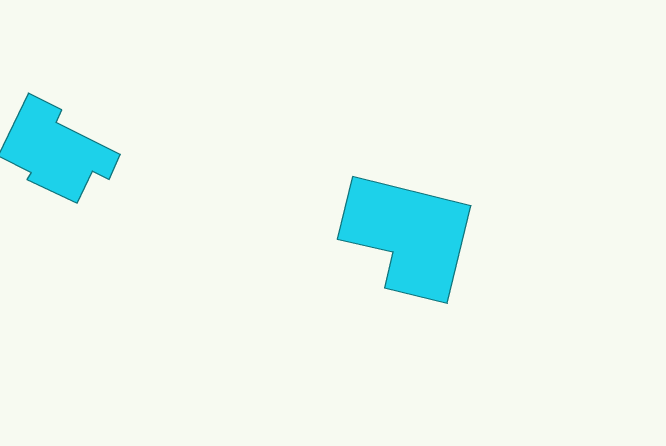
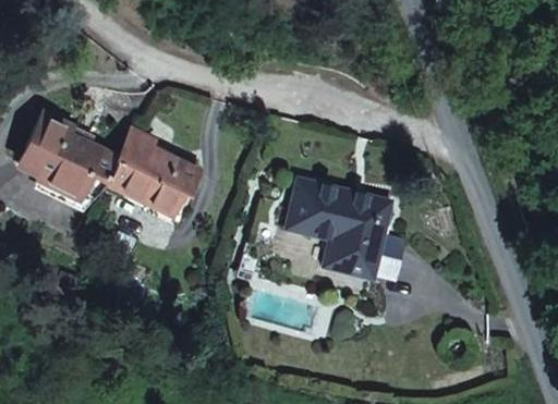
building: none -> [108,130,197,211]

